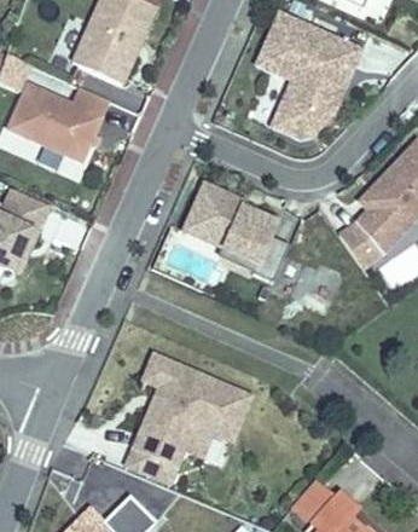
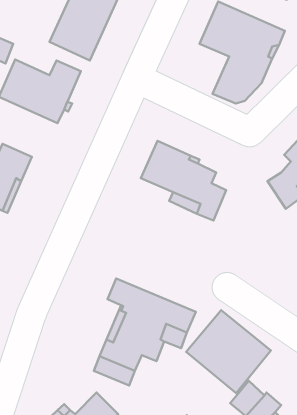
building: none -> [186,310,271,393]

